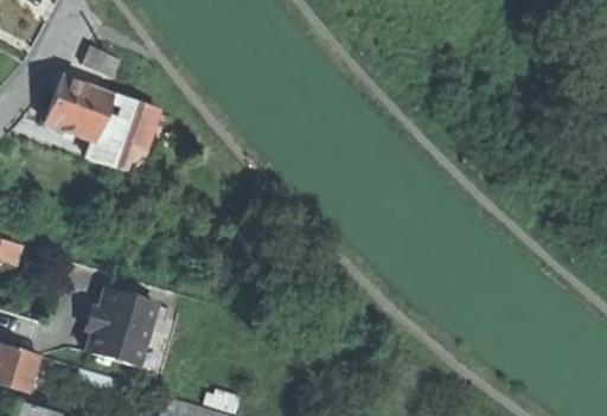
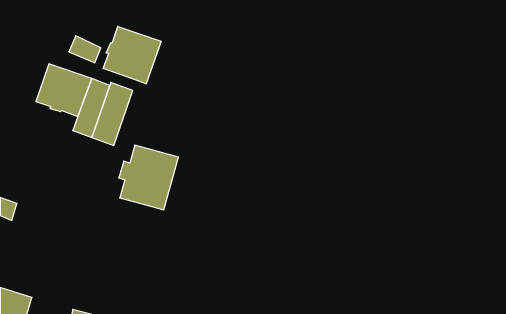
building: none -> [103,26,161,84]
building: [85,289,156,366] -> [119,145,179,210]

